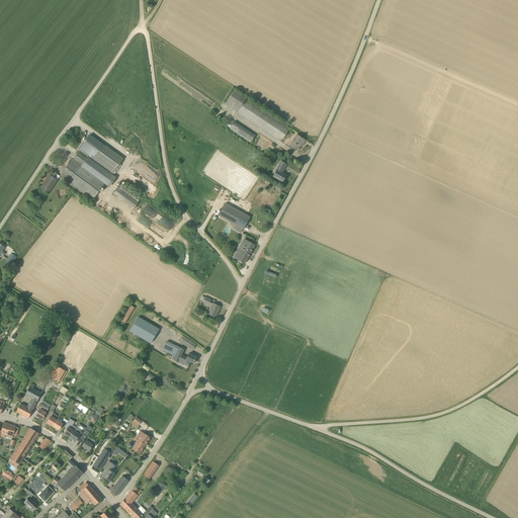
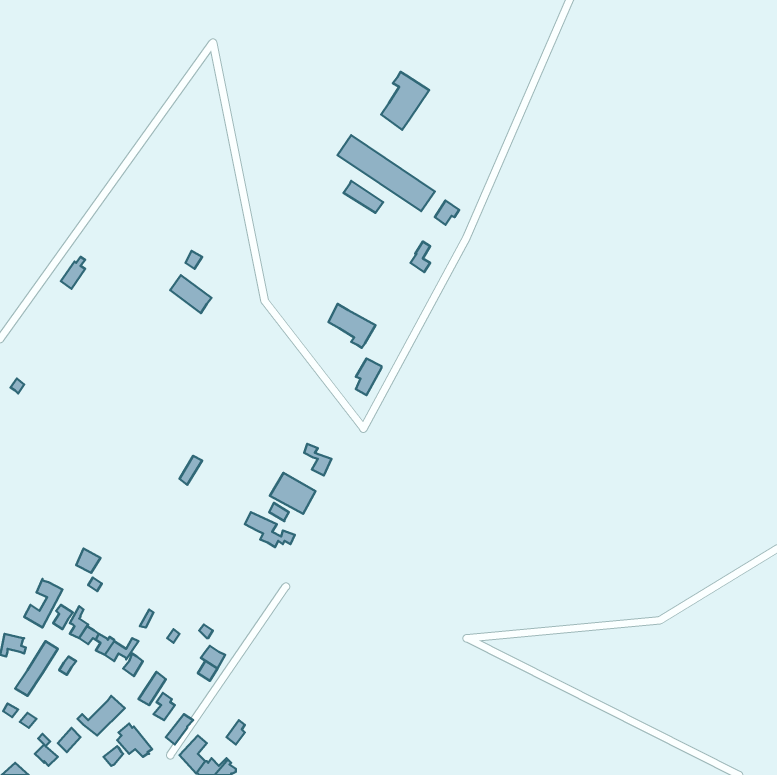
building: none -> [381,72,429,130]
building: [60,134,122,199] -> none
building: [128,315,159,342] -> [270,473,315,514]

